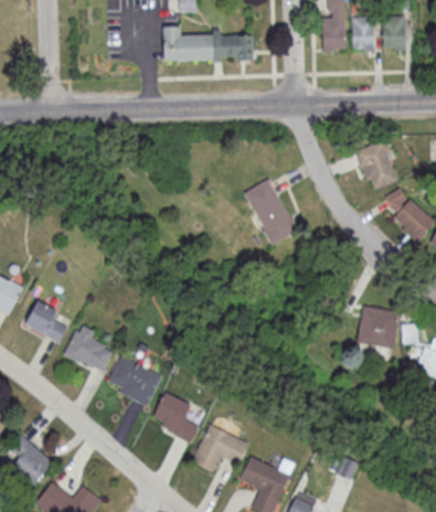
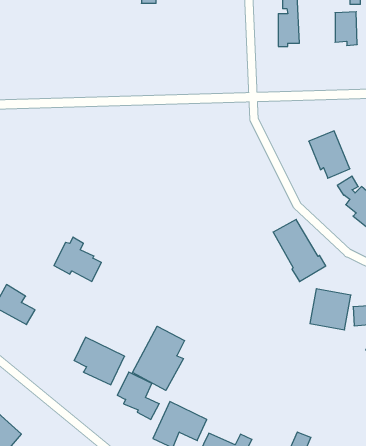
building: [352,17,375,52] -> none
building: [162,24,253,62] -> none
building: [244,180,299,245] -> [273,219,326,282]
building: [64,326,114,372] -> [54,237,101,281]
building: none -> [132,326,185,390]

